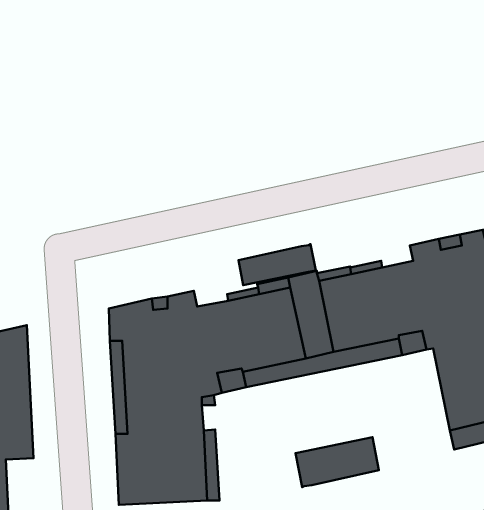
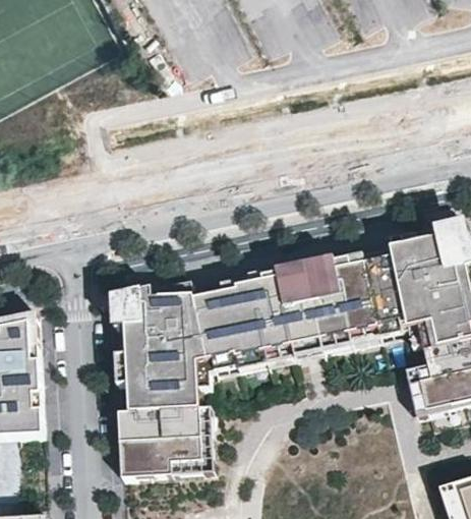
building: [238,244,316,285] -> none
building: [296,437,379,487] -> none

